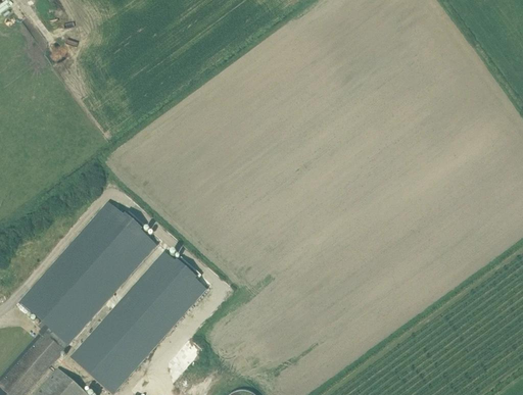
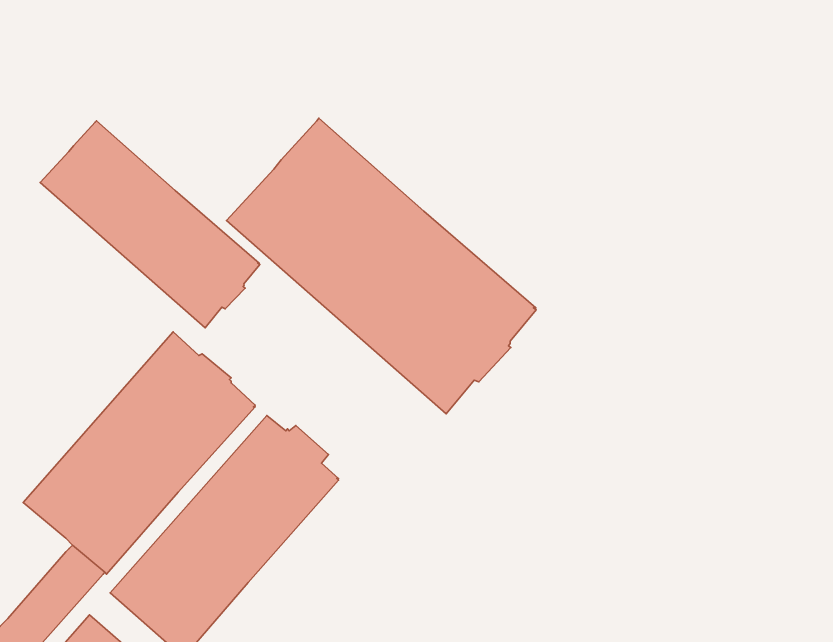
building: none -> [226,118,536,414]
building: none -> [40,121,260,328]

